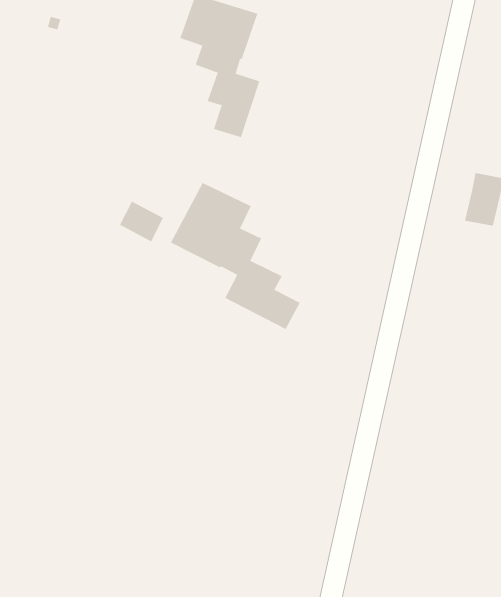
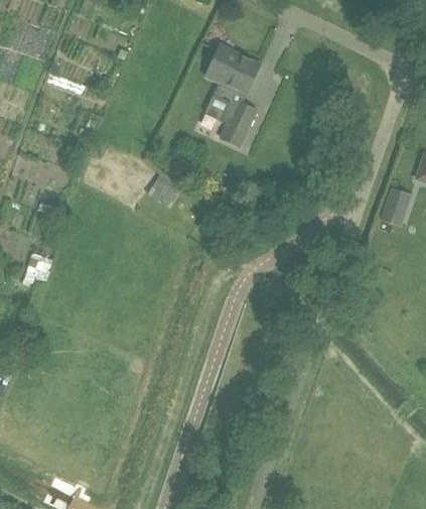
building: [170,182,301,330] -> none

